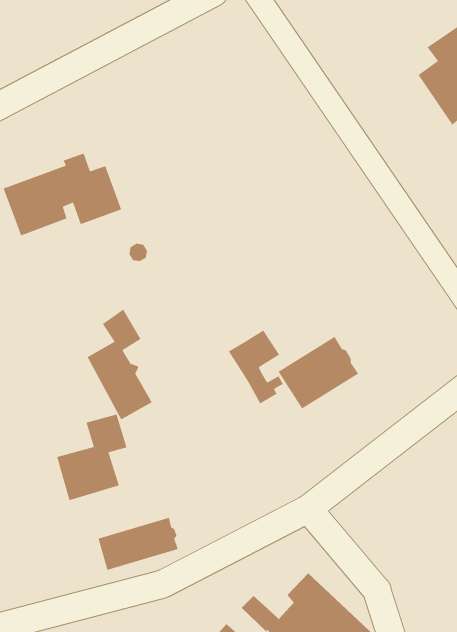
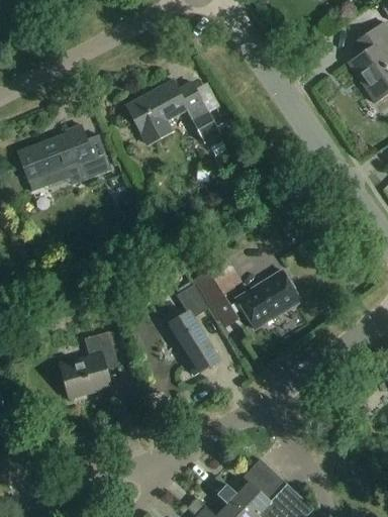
building: none -> [126,81,223,146]
building: [87,308,153,420] -> [165,284,217,373]
building: [97,517,179,571] -> none

